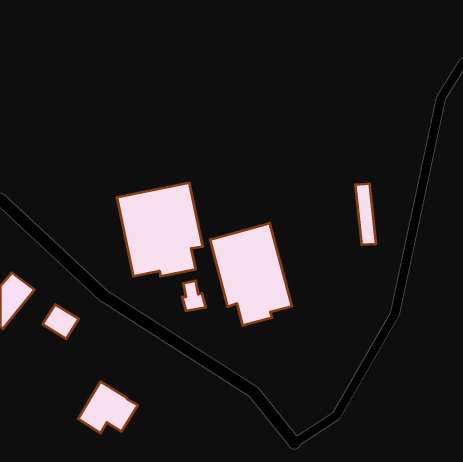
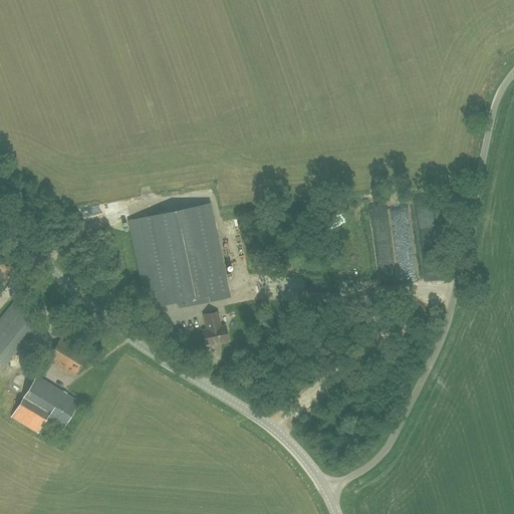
building: [210,223,292,326] -> none
building: [78,382,138,433] -> [12,374,78,432]

